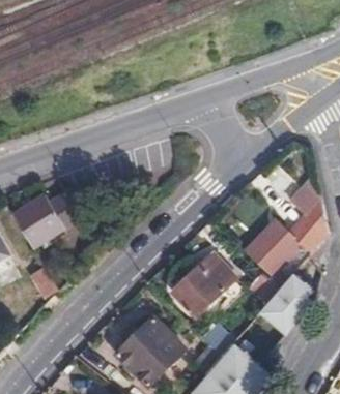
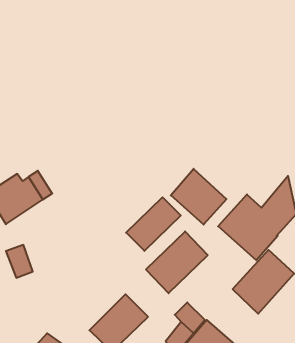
building: none -> [171,169,226,225]
building: none -> [126,197,181,251]

